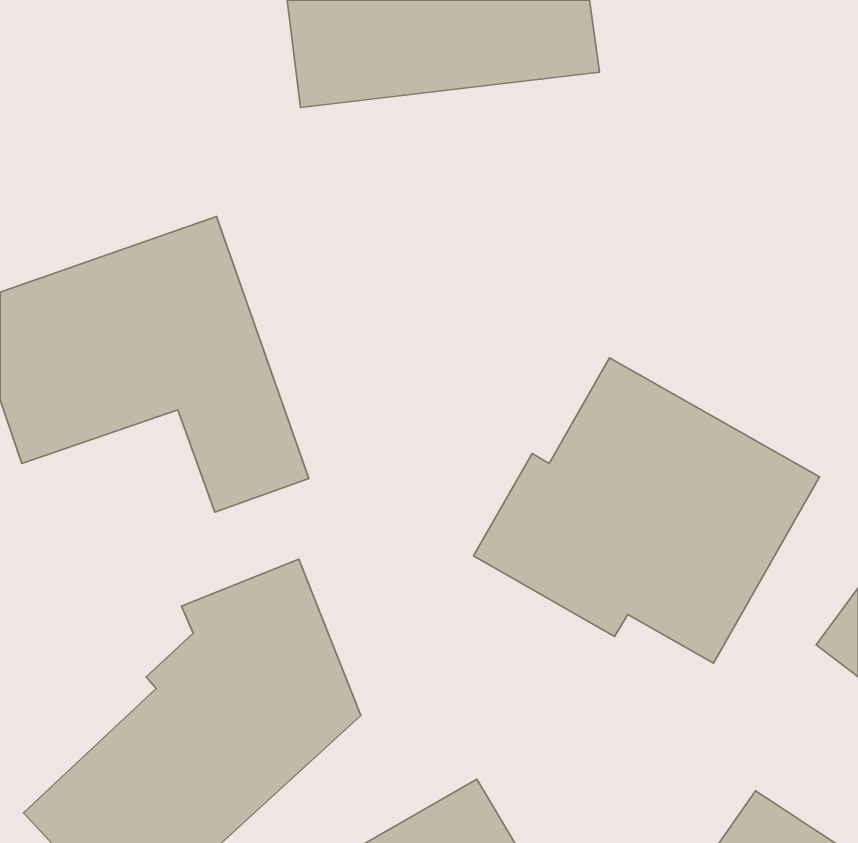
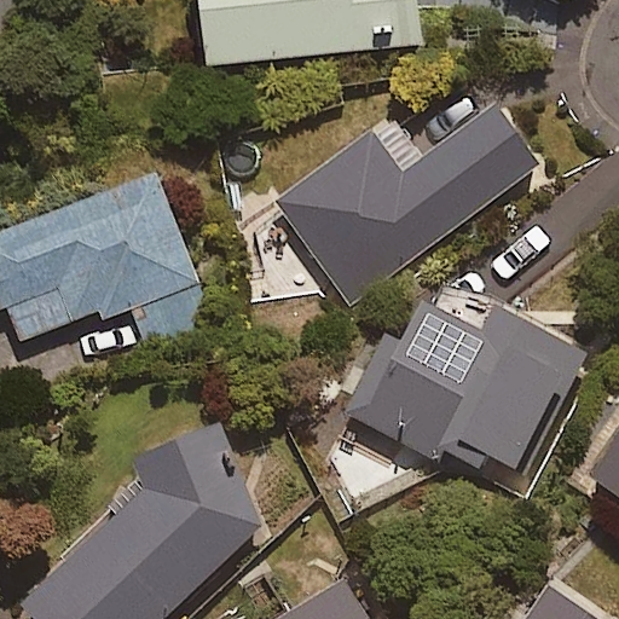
building: none -> [271,96,543,311]

